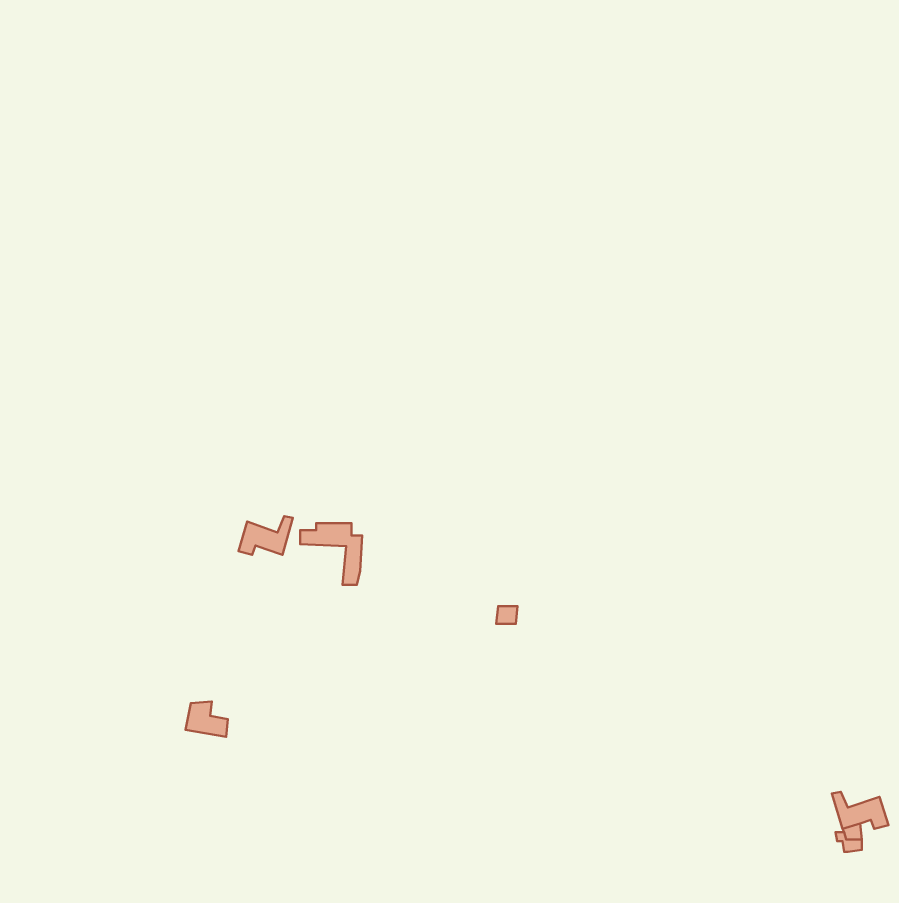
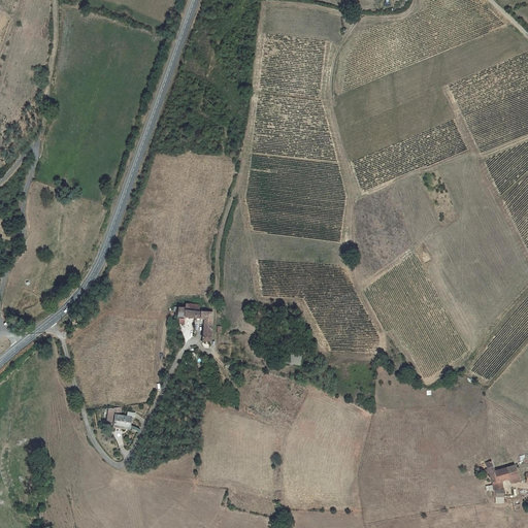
building: [239,516,293,555] -> none

